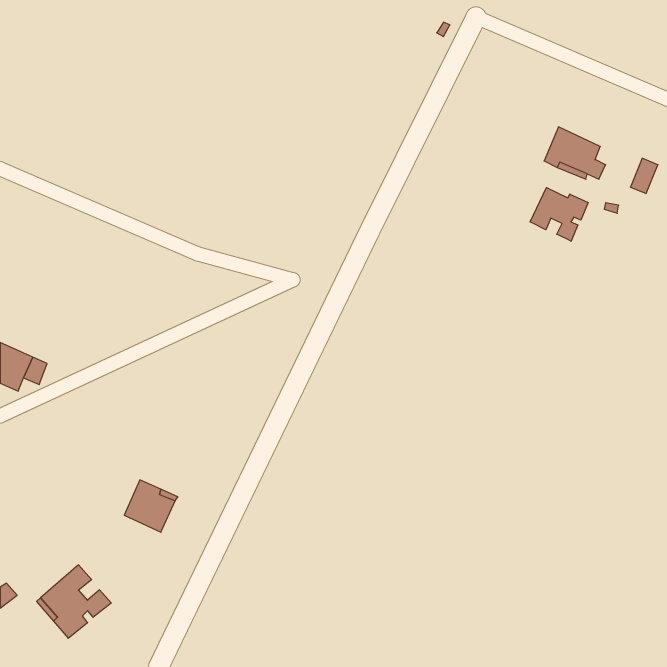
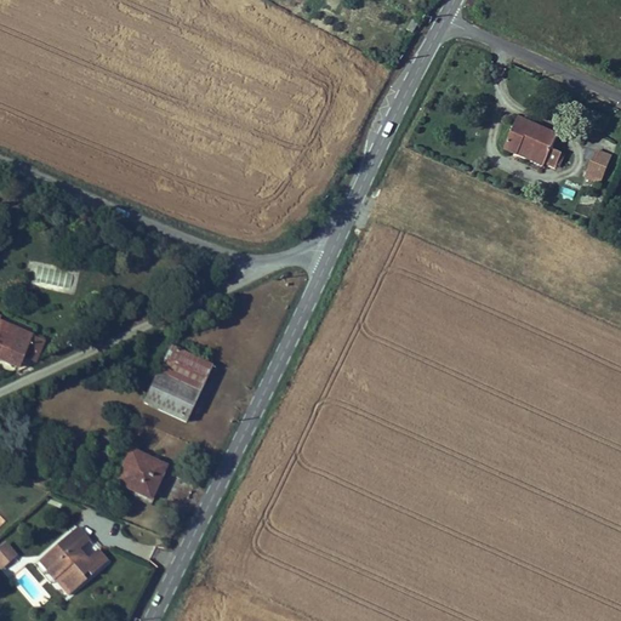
building: [530,188,588,241] -> none
building: none -> [146,344,212,418]

